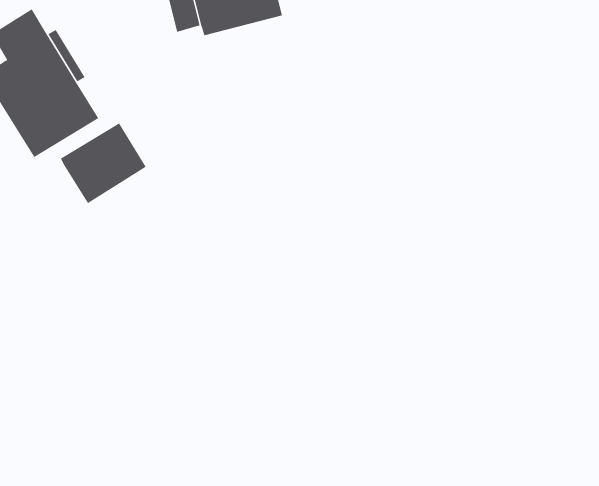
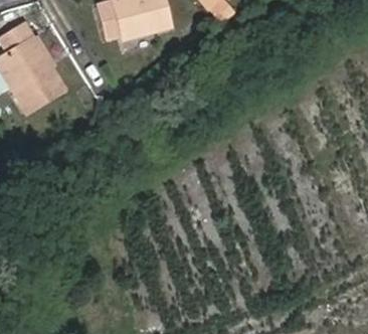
building: [60,123,146,204] -> none

